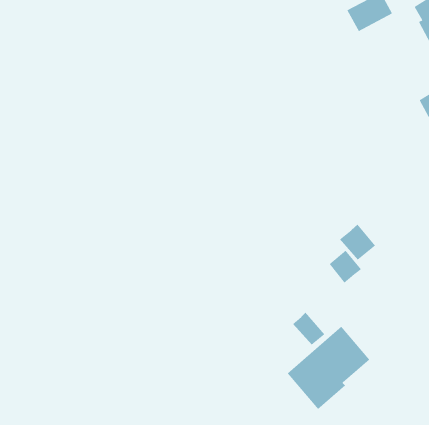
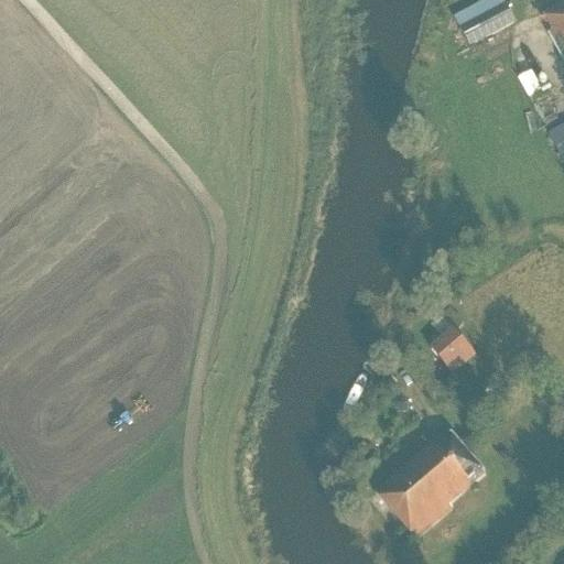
building: [339,224,376,260] -> none
building: [292,312,325,346] -> none

